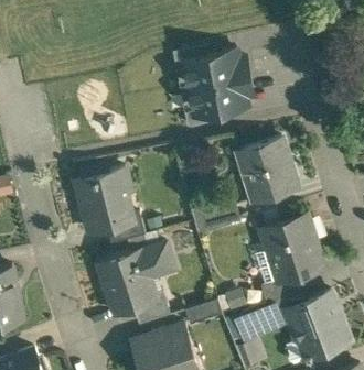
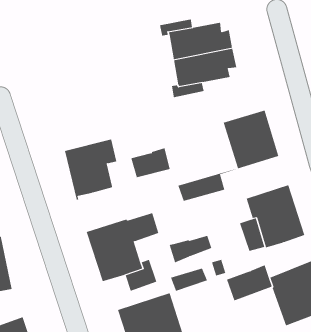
building: [105,211,146,242] -> [131,147,171,178]
building: [260,273,304,302] -> [169,235,212,263]

